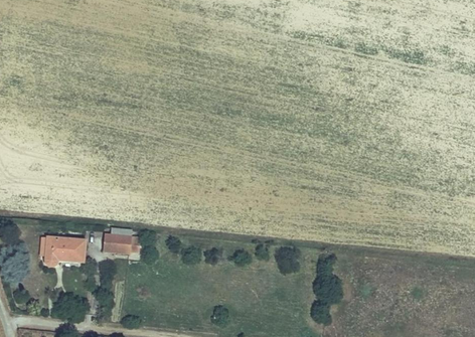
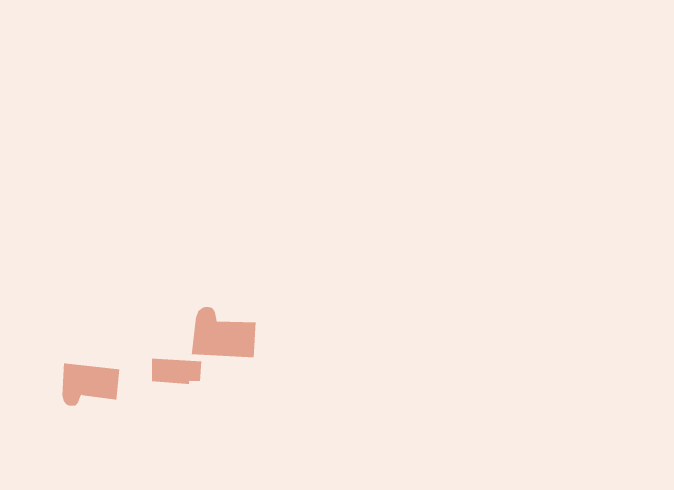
building: none -> [191,306,256,358]

